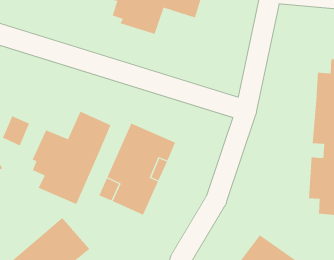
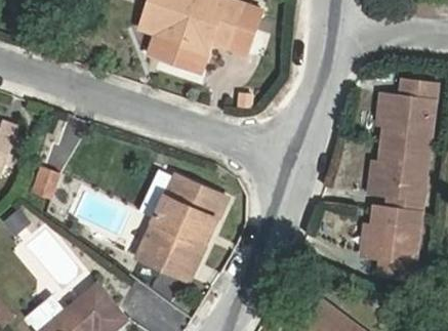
building: [32,111,111,205] -> none

